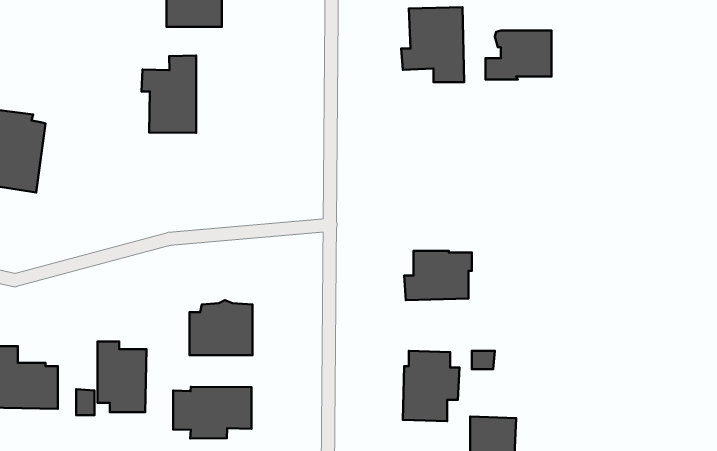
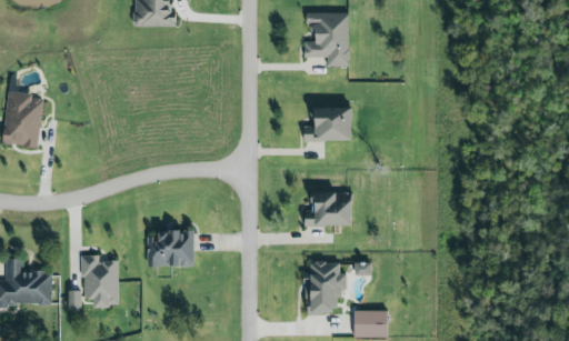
building: [486,30,552,79] -> [305,104,352,140]
building: [142,55,196,133] -> none
building: [173,387,252,439] -> none

